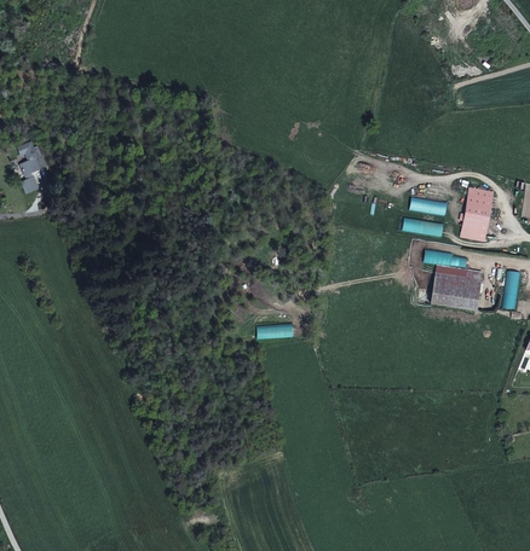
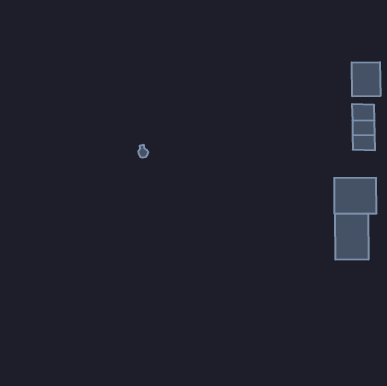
building: none -> [352,62,380,96]
building: none -> [335,213,368,260]

